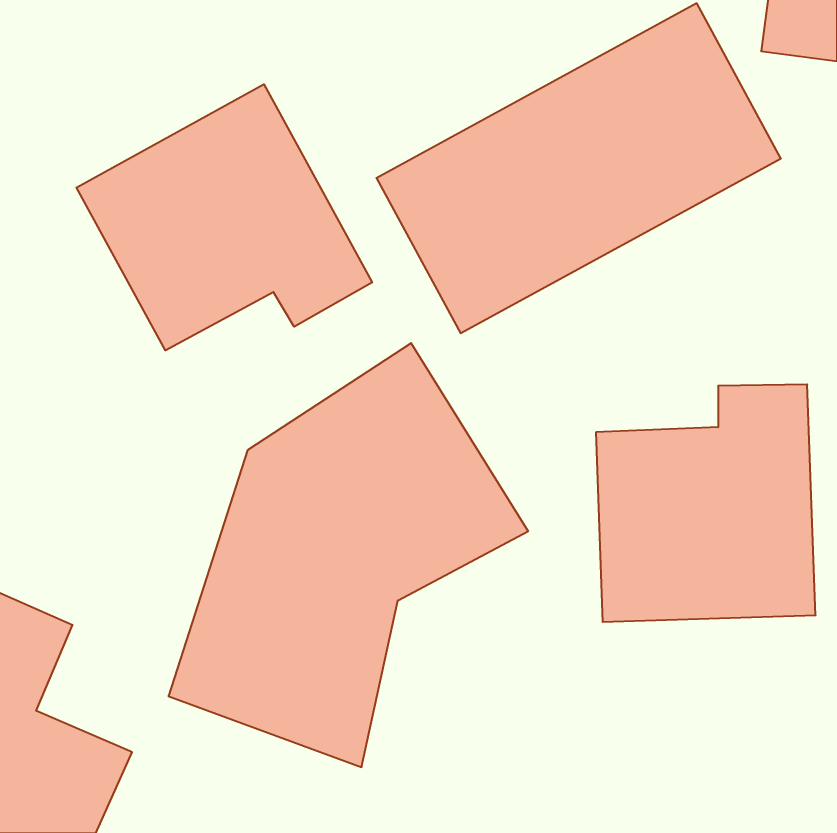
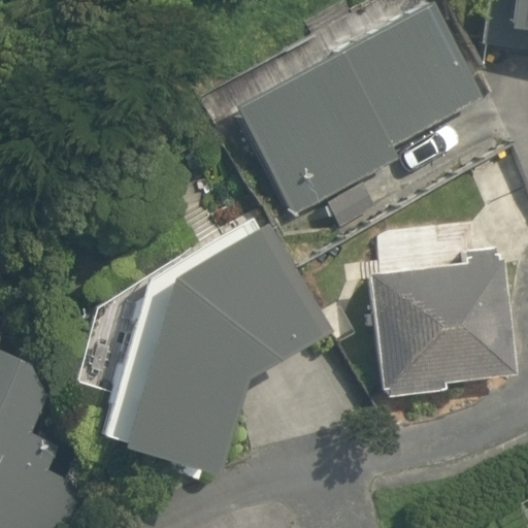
building: [76,84,372,350] -> none

